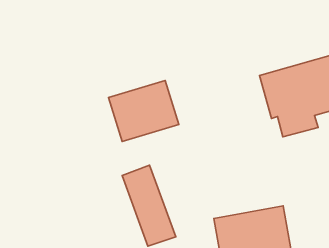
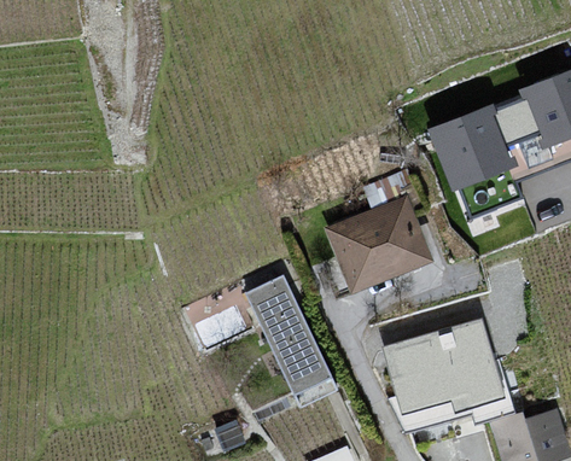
building: [108,80,179,142] -> [326,196,433,292]

